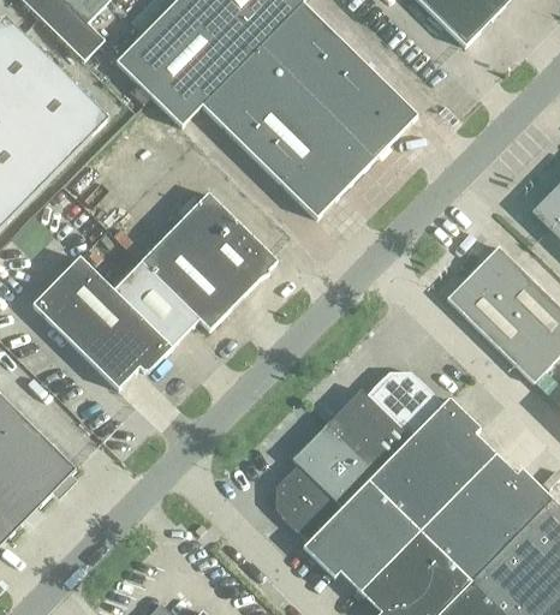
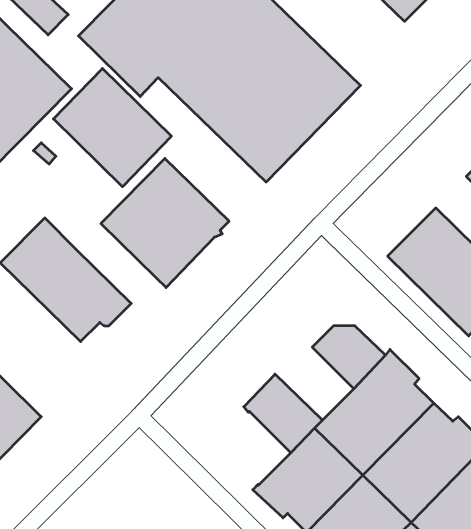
building: none -> [53,68,171,187]
building: [113,262,198,347] -> none
building: [326,388,410,472] -> none
building: [275,462,342,542] -> none

